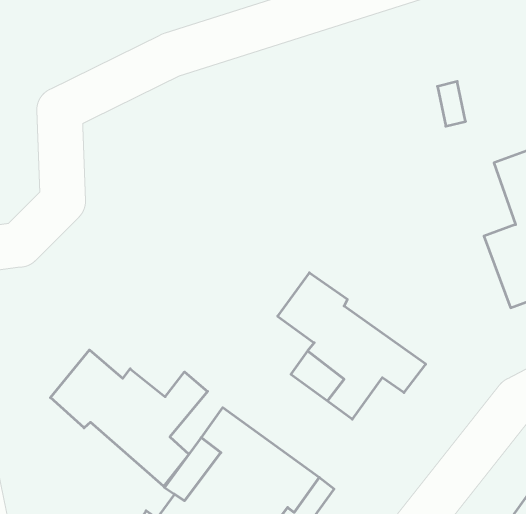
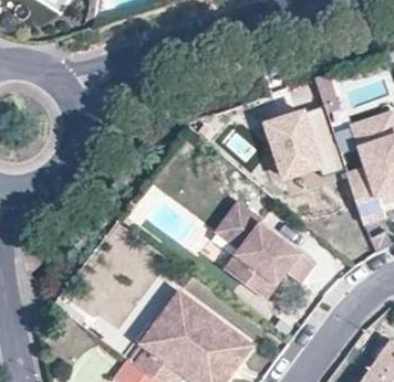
building: none -> [267,106,344,187]
building: [50,350,208,486] -> none

